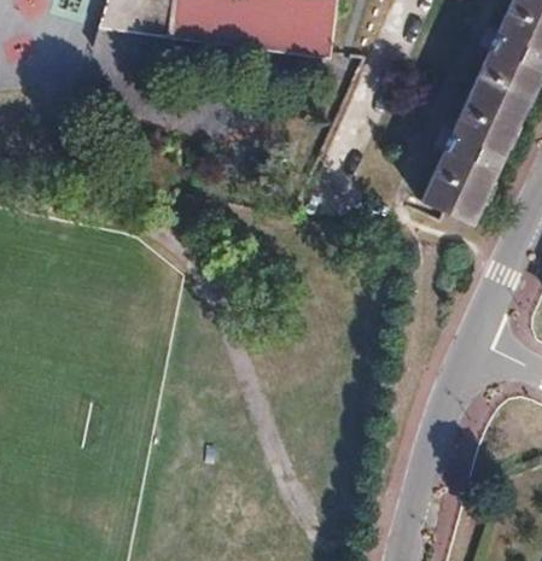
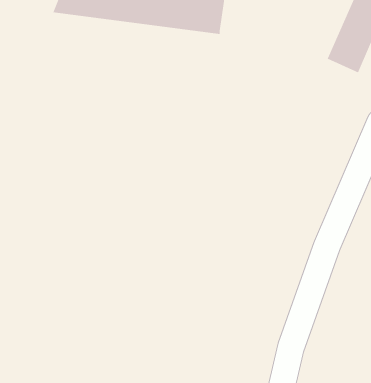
building: [425,90,518,218] -> none

